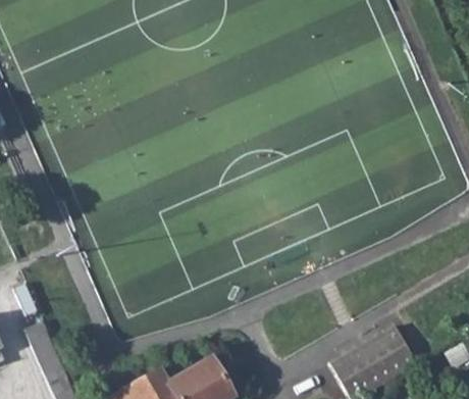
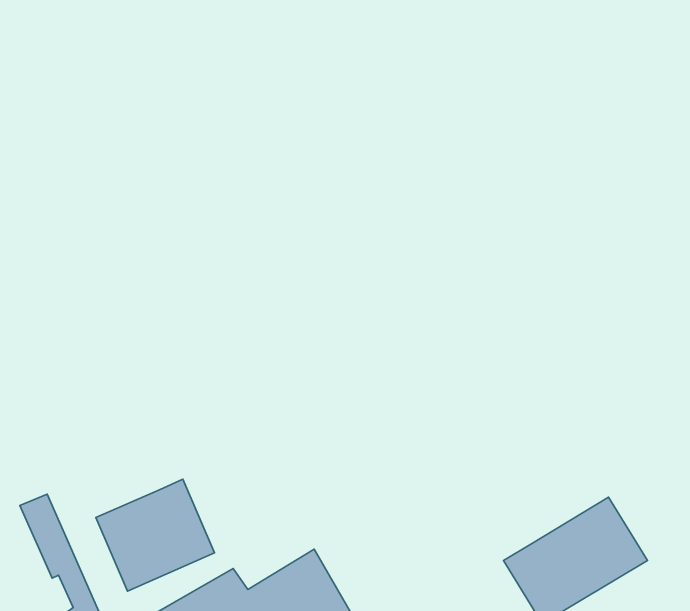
building: none -> [96,479,214,591]

